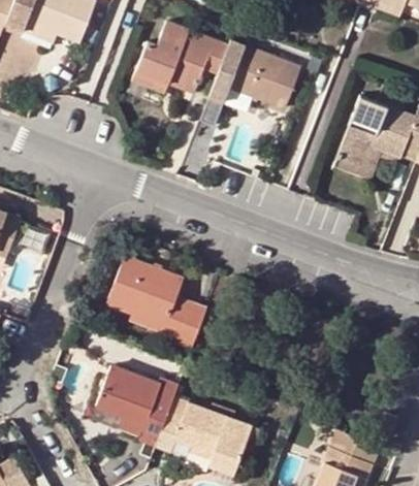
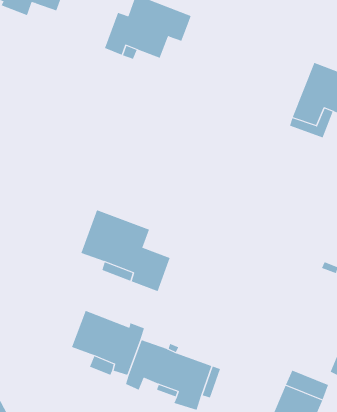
building: [212,45,300,107] -> none

